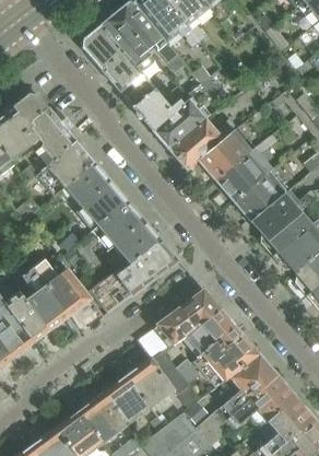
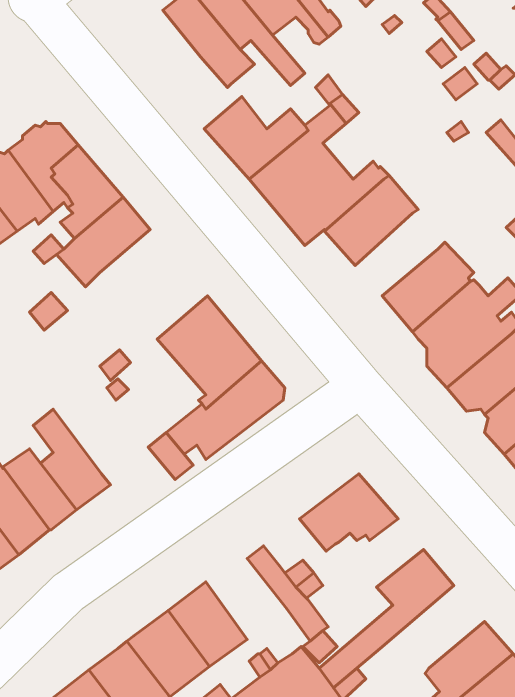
building: [82,26,147,98] -> none
building: [216,137,276,200] -> none
building: [61,160,127,226] -> none
building: [33,260,90,315] -> none
building: [153,291,218,348] -> none
building: [205,336,258,388] -> none
building: [126,356,175,409] -> none
building: [232,376,295,426] -> none

